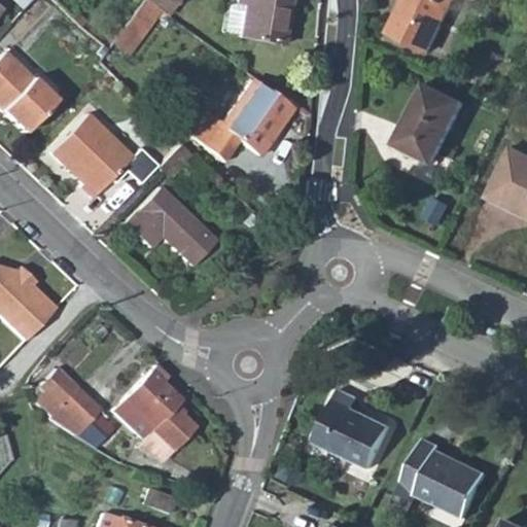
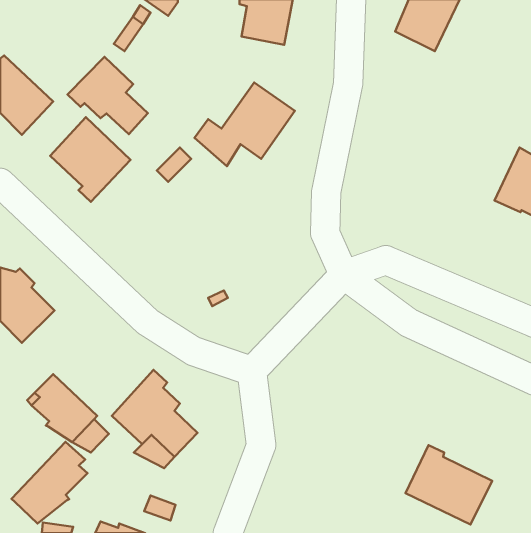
building: none -> [68,57,148,134]
building: [398,82,466,162] -> none
building: [127,188,216,266] -> none
building: [314,388,391,467] -> none
building: none -> [11,442,88,523]

